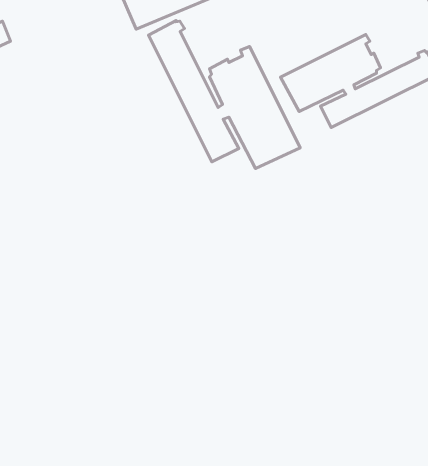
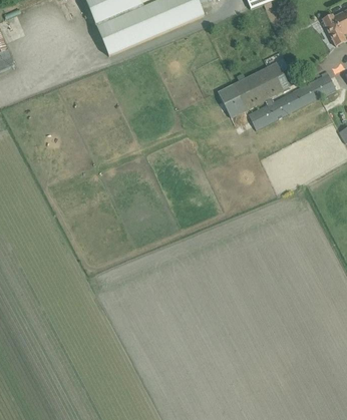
building: [148,21,300,169] -> none

